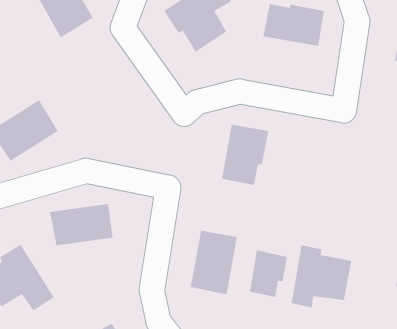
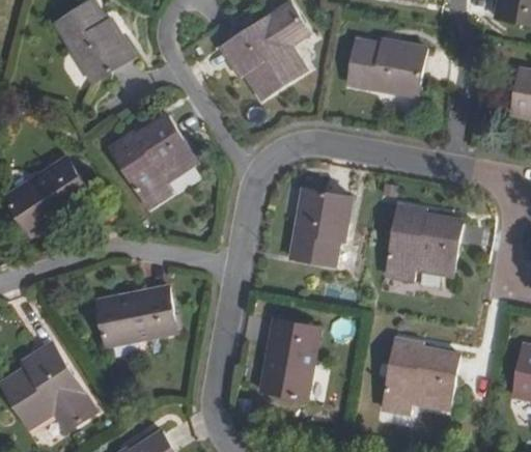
building: none -> [111,120,197,209]
building: none -> [387,205,459,280]
building: [249,250,288,298] -> none

